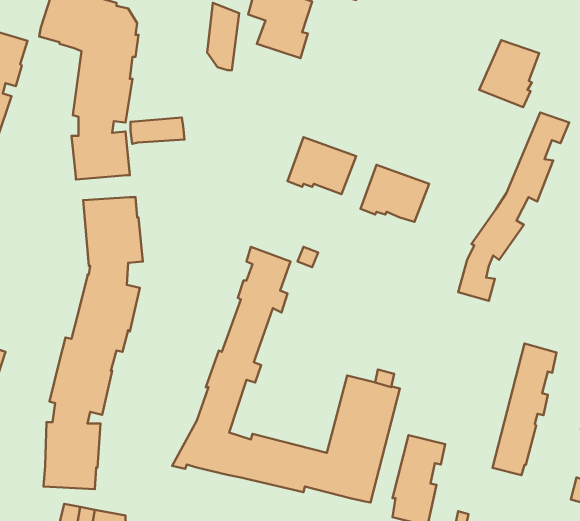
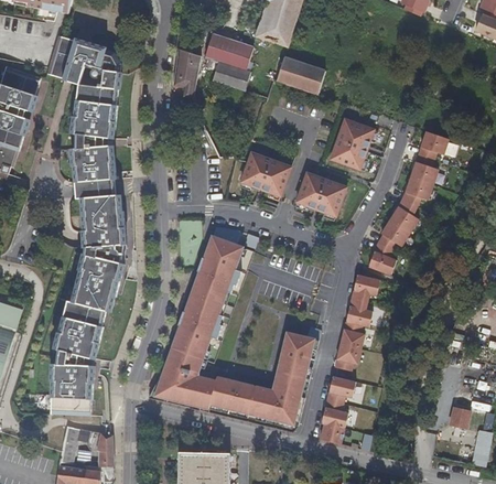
building: none -> [277,57,325,94]
building: [479,40,539,107] -> [327,119,373,170]
building: [131,118,185,144] -> [76,179,117,198]
building: [492,344,557,475] -> [330,272,378,372]

